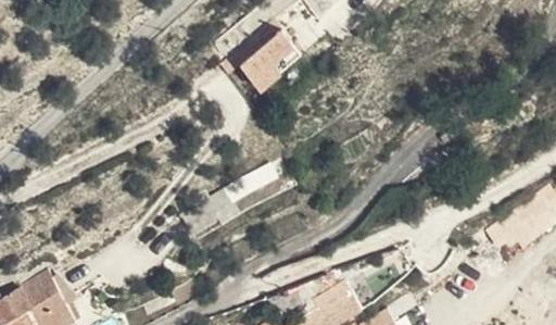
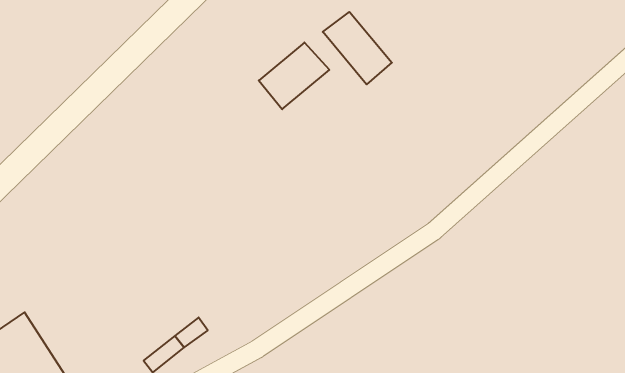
building: none -> [323,12,392,84]

